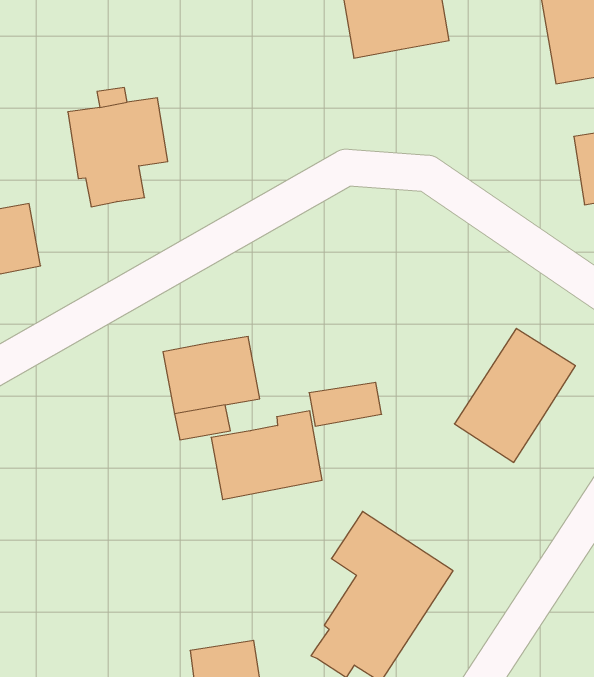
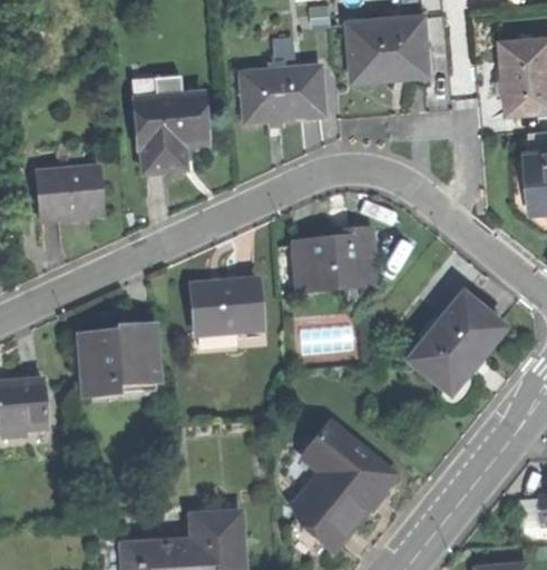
building: none -> [243,67,324,122]
building: none -> [77,327,158,396]
building: [211,411,322,500] -> [294,229,375,291]

